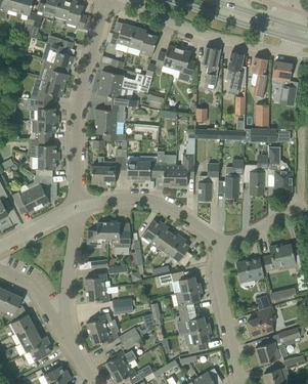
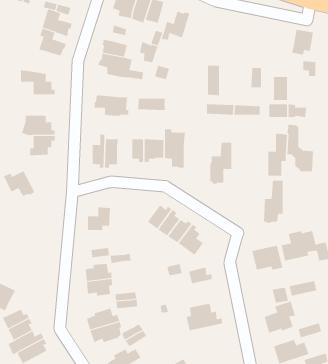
building: [173,47,194,83] -> none
building: [202,47,220,90] -> none
building: [227,52,244,94] -> none
building: [251,57,267,95] -> none
building: [35,80,63,101] -> none
building: [94,102,125,123] -> none
building: [32,121,58,139] -> none
building: [175,154,193,187] -> none
building: [224,160,243,199] -> [263,180,283,223]
building: [26,175,55,209] -> none
building: [107,220,130,248] -> none
building: [177,288,202,313] -> none
building: [182,328,211,353] -> none

